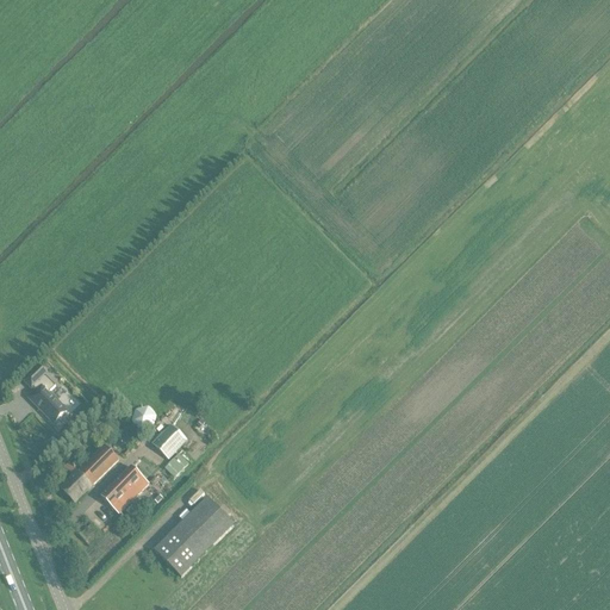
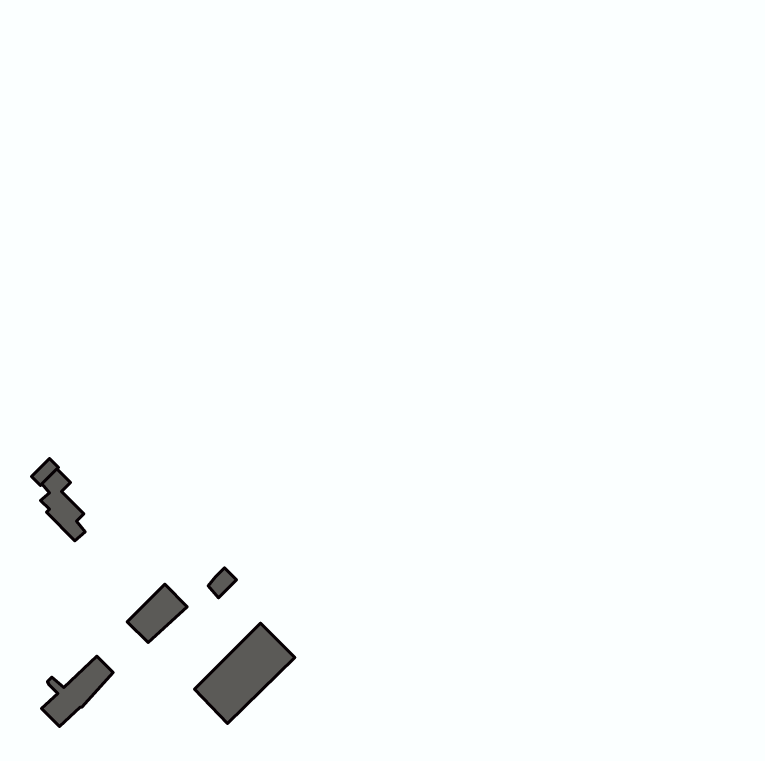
building: [152,423,187,458] -> none
building: [61,444,118,500] -> [41,656,113,727]

